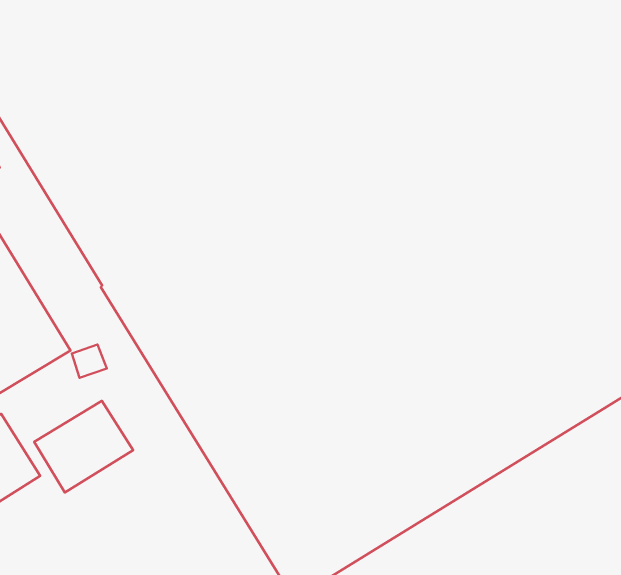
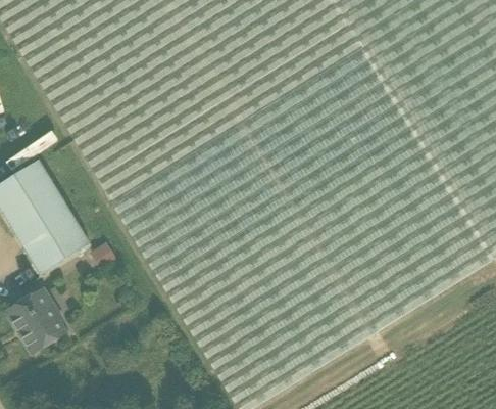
building: [34,401,133,492] -> none

